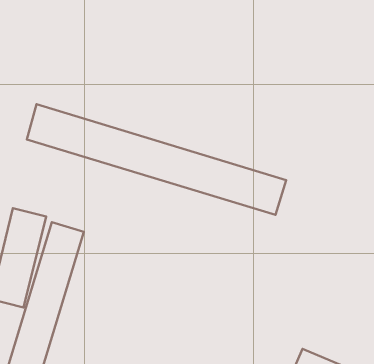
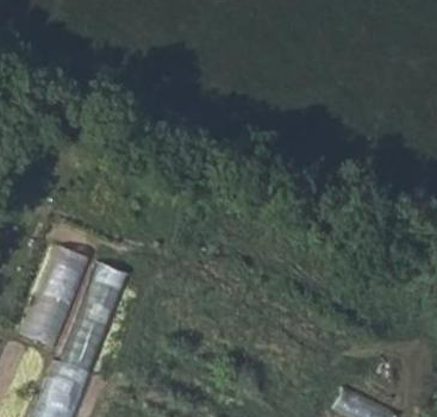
building: [27,104,286,215] -> none

